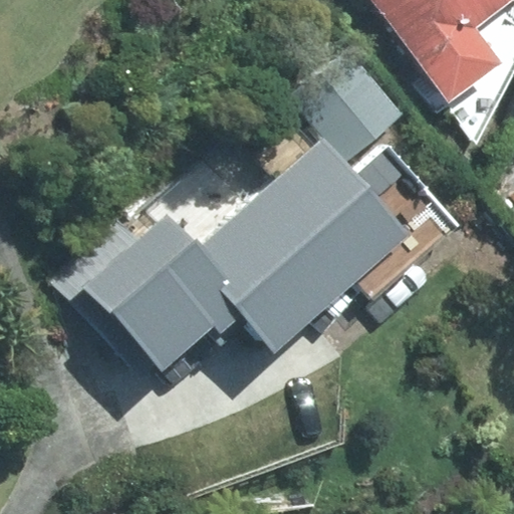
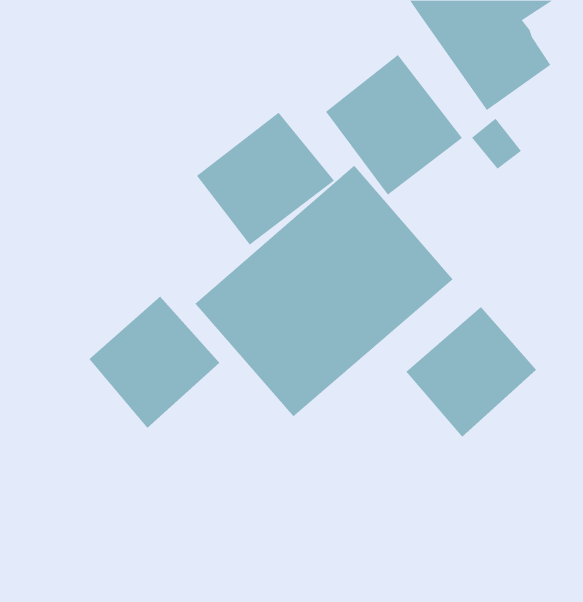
building: none -> [196,112,335,245]
building: none -> [406,306,537,438]

